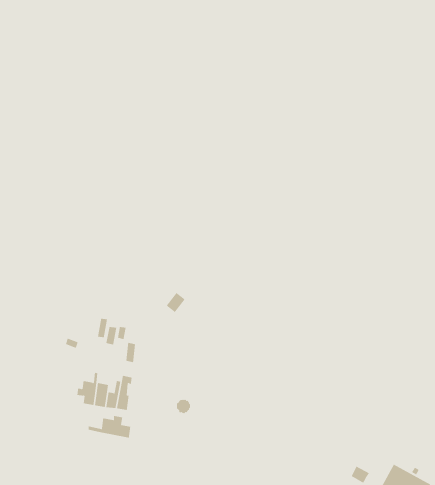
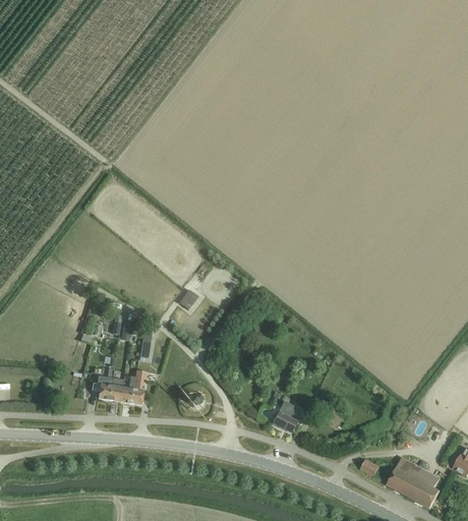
building: none -> [273,402,297,432]
building: [88,415,131,438] -> none

